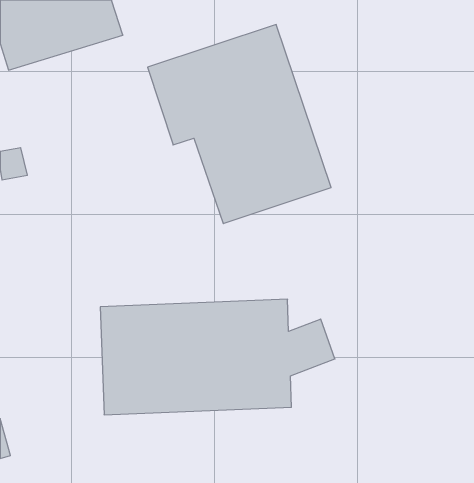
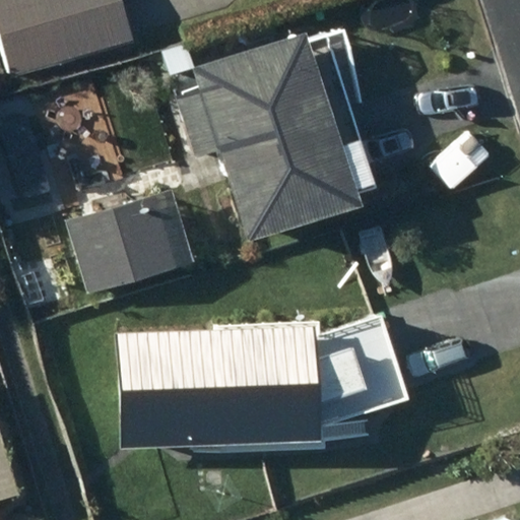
building: none -> [72,189,200,294]

